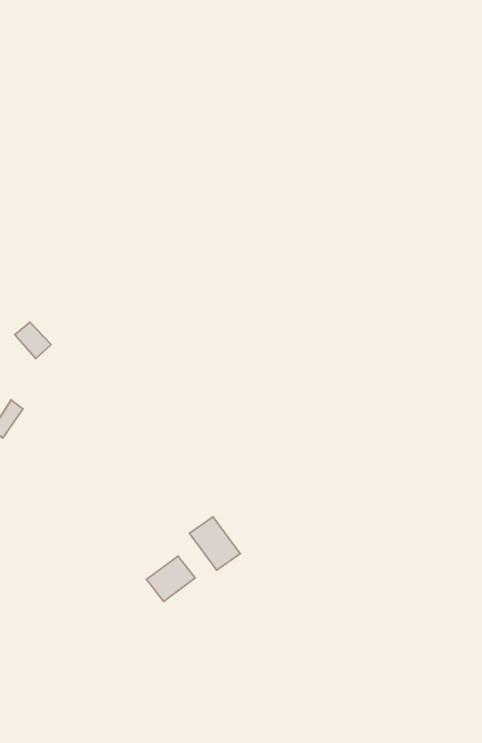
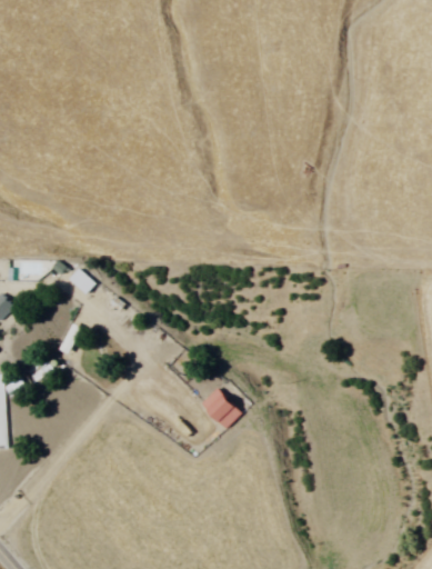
building: [146,556,195,601] -> none

